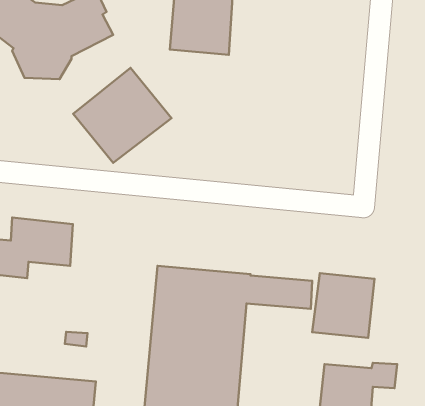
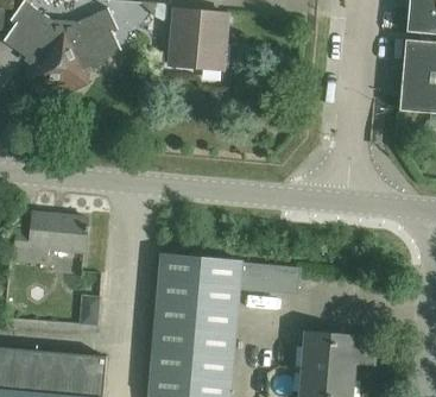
building: [73,68,171,163] -> none
building: [312,273,375,338] -> none

